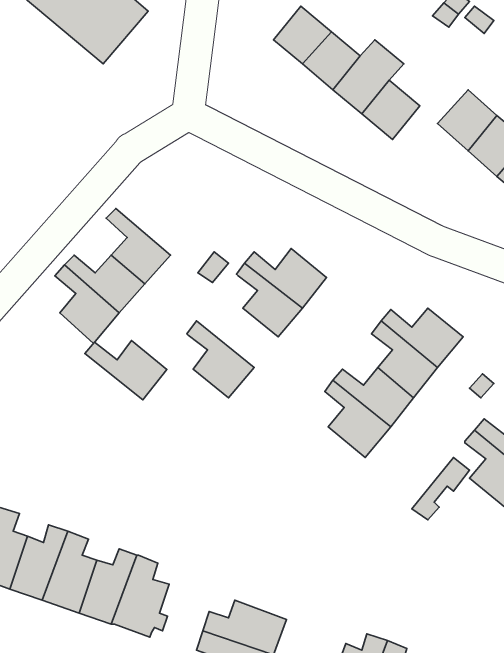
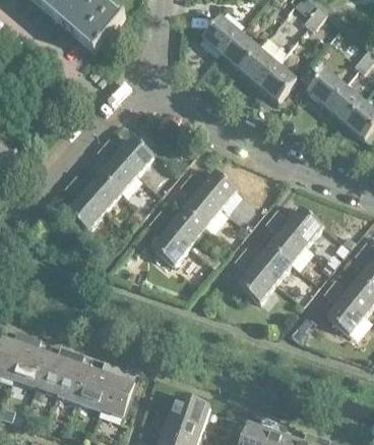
building: none -> [104,136,153,173]
building: [85,340,167,400] -> [154,207,206,244]

